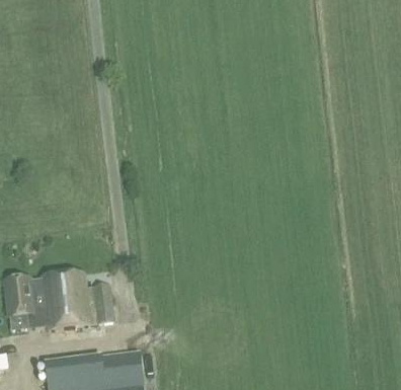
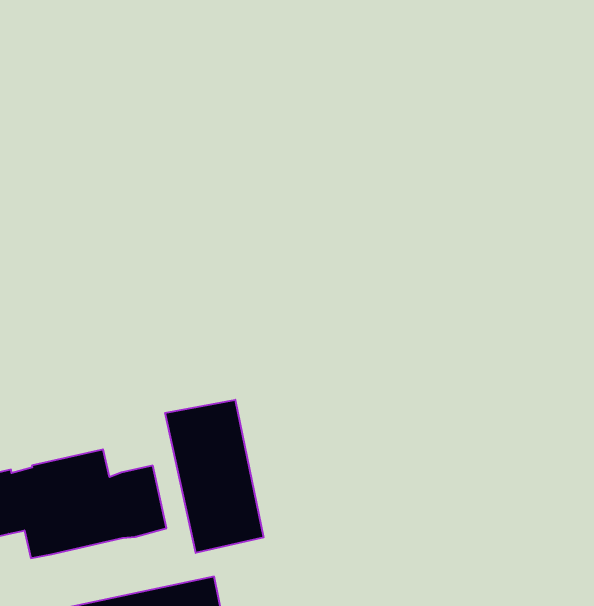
building: none -> [165,400,264,553]

